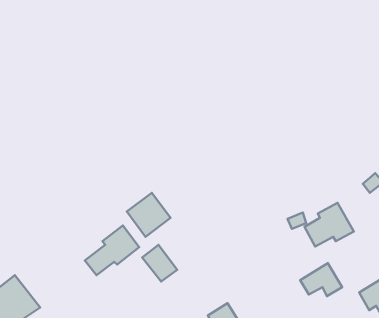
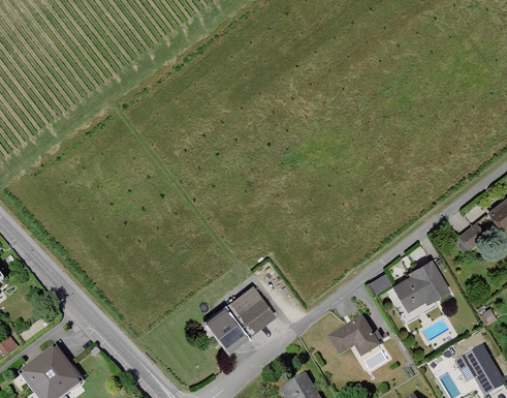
building: [127,193,171,237] -> [223,286,274,337]
building: [85,225,139,275] -> none
building: [300,263,342,296] -> [328,317,377,356]

